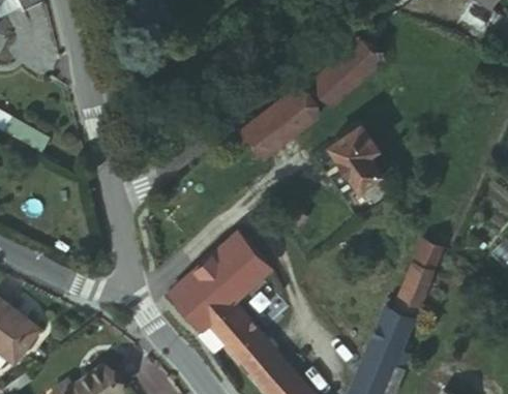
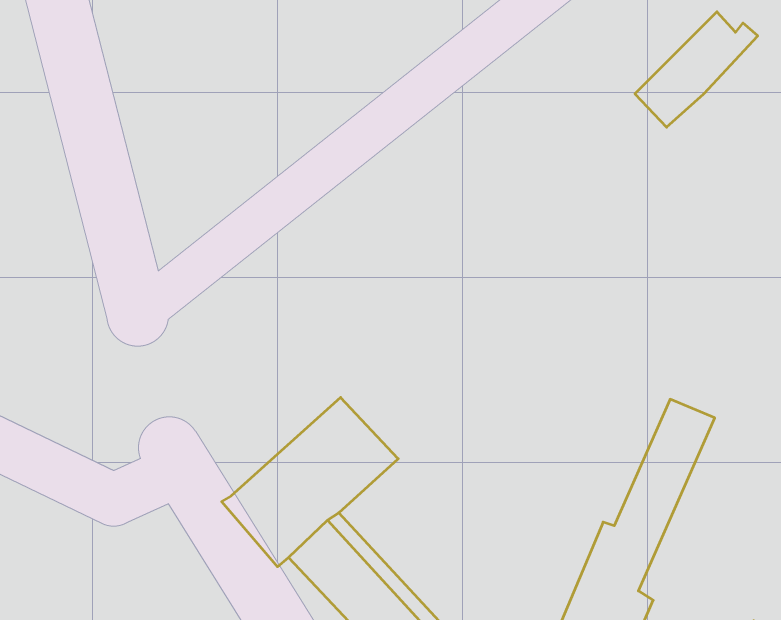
building: [312,43,381,108] -> [635,12,758,127]
building: [240,95,307,159] -> none
building: [325,127,393,212] -> none

